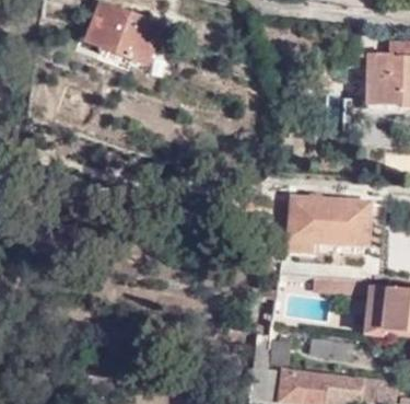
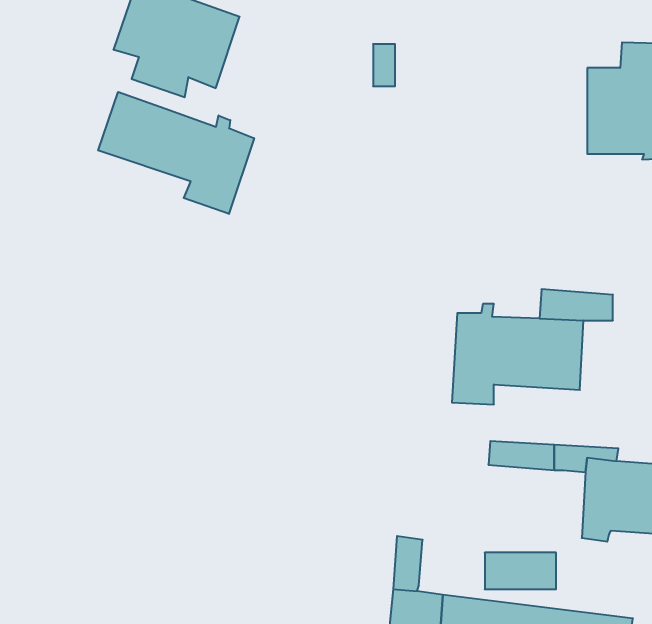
building: none -> [98,92,254,214]

